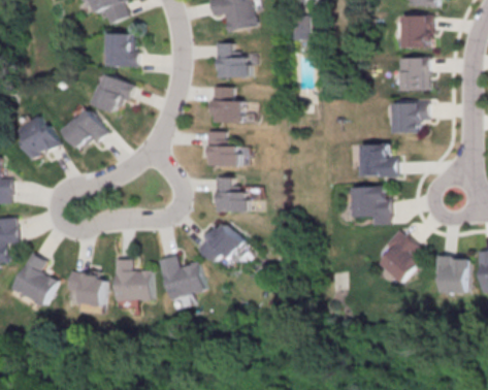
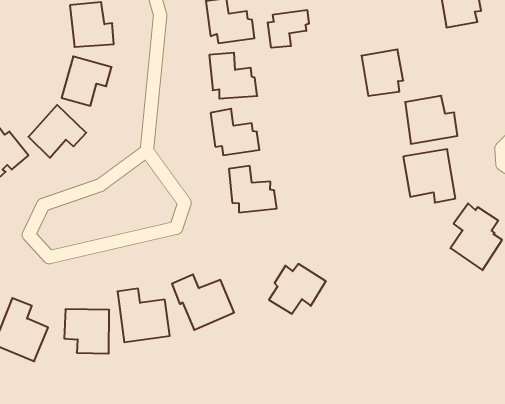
building: none -> [268,10,309,48]
building: [392,100,422,133] -> [361,49,403,96]
building: [197,223,243,261] -> [269,264,326,314]

